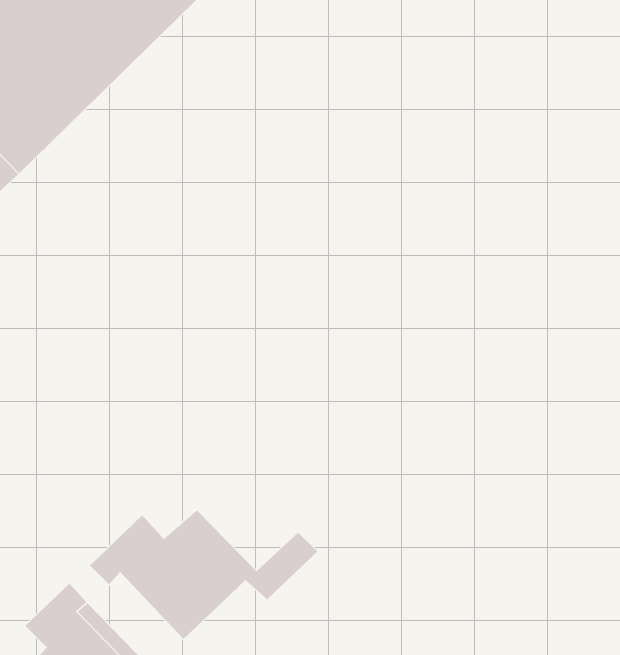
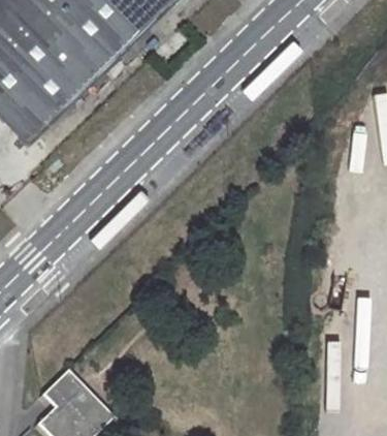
building: [89,510,318,640] -> none

